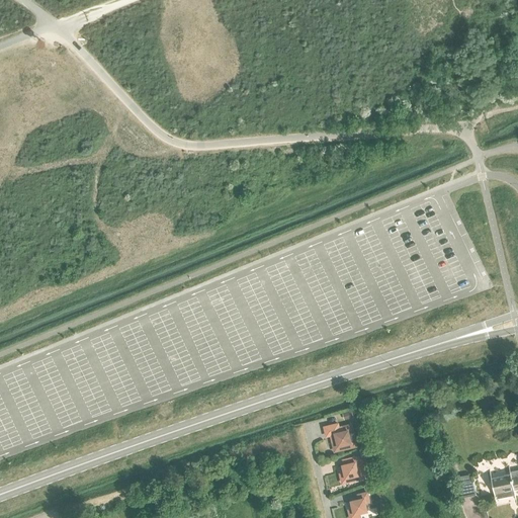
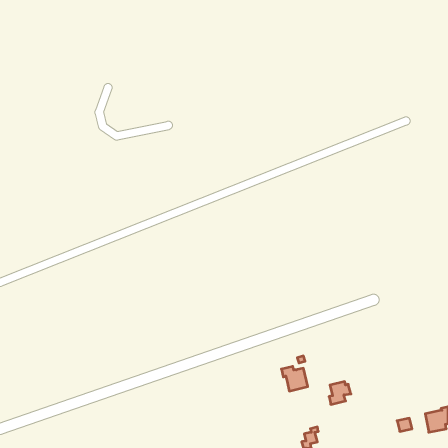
building: [340,456,365,483] -> [329,382,351,404]

